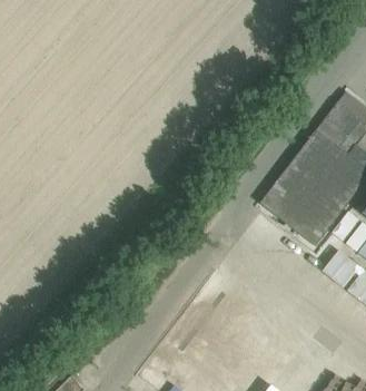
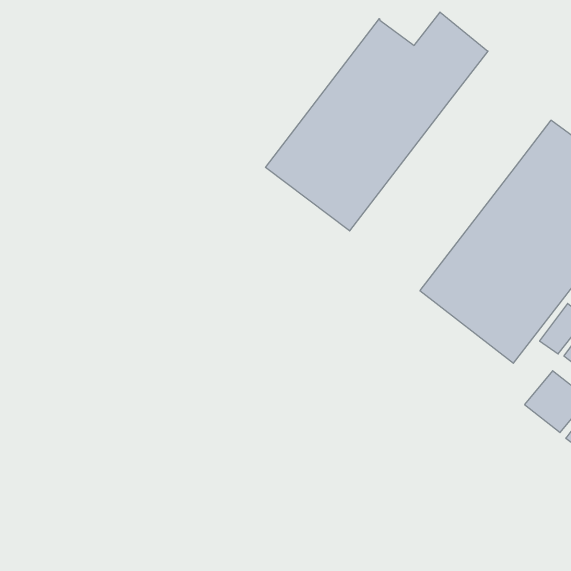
building: none -> [266,12,488,231]

